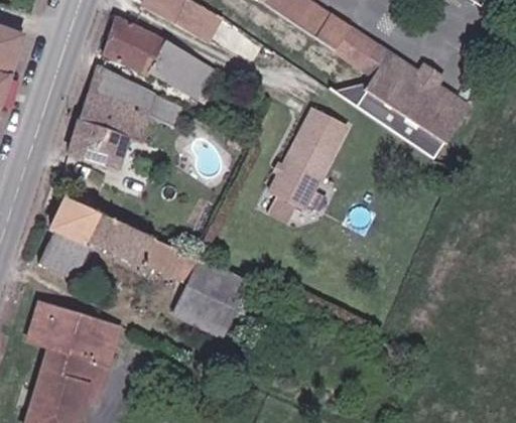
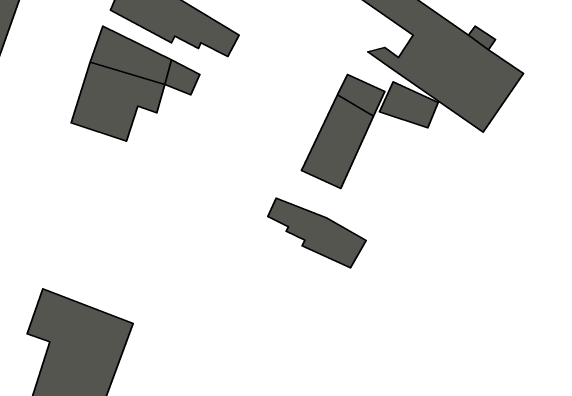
building: none -> [379,82,438,128]
building: [39,195,249,338] -> none
building: none -> [268,198,366,268]

